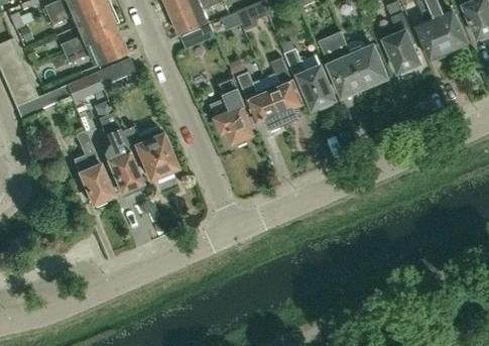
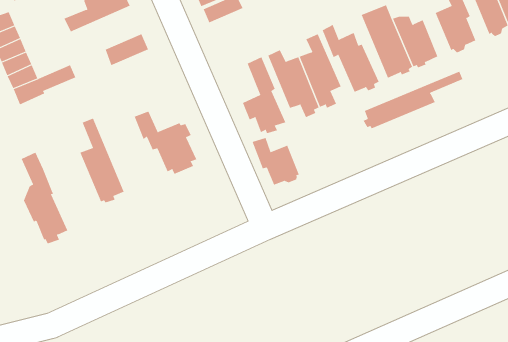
building: [65,32,125,65] -> none
building: [65,71,102,100] -> none
building: none -> [363,71,463,129]
building: [100,114,141,195] -> [21,152,68,244]
building: none -> [252,137,300,186]

